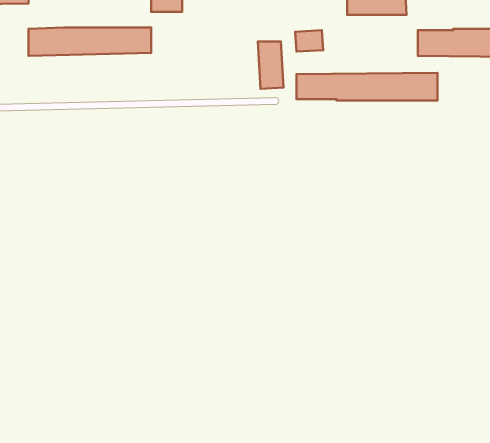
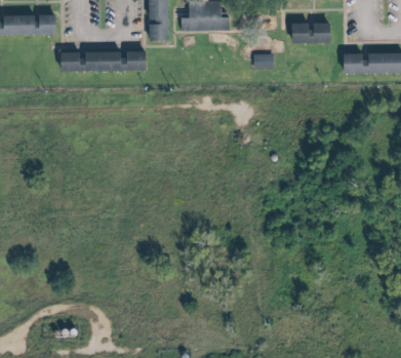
building: [258,41,283,89] -> none
building: [297,73,438,101] -> none

